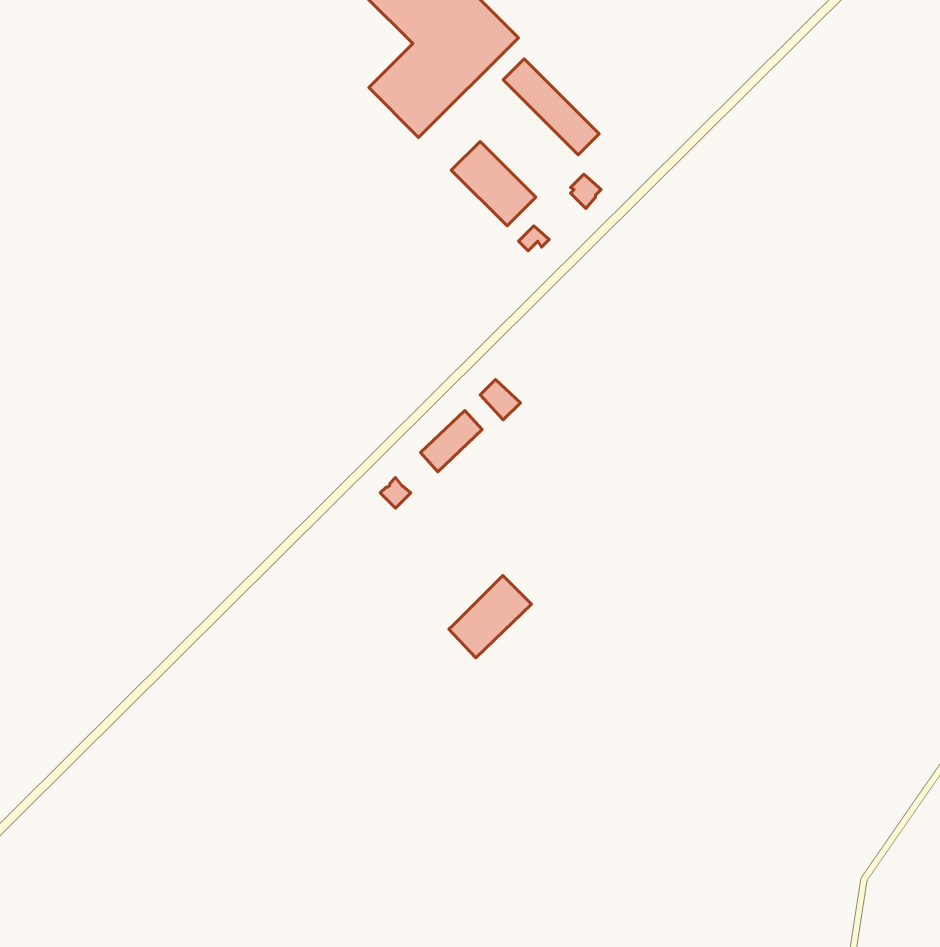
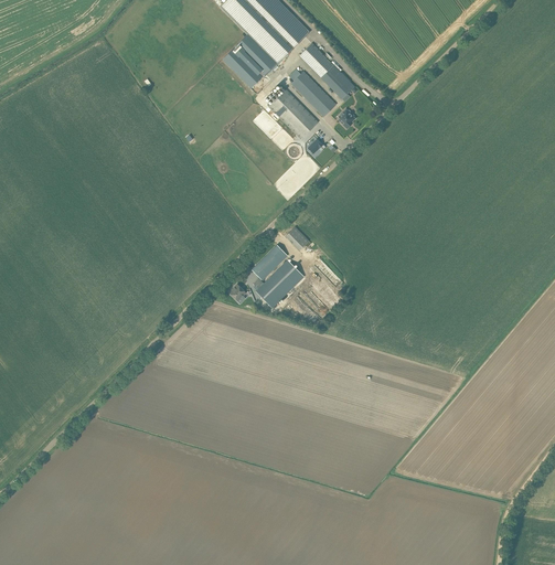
building: none -> [291,71,335,116]
building: [449,575,532,658] -> [256,259,303,307]

